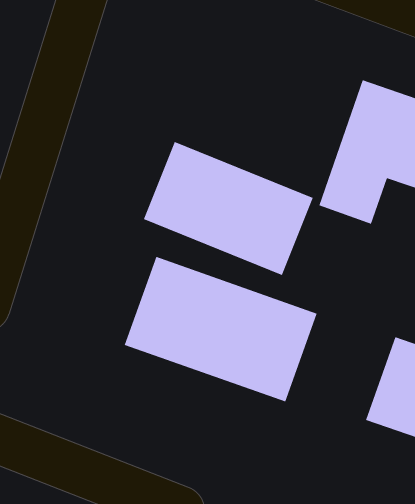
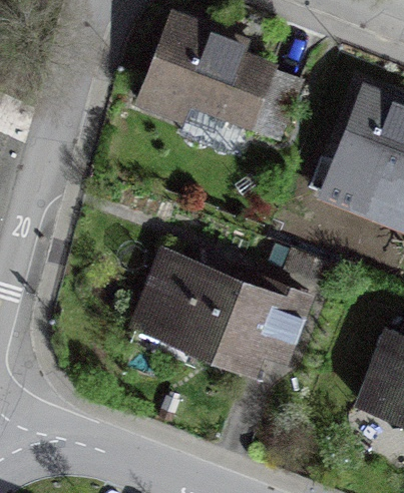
building: none -> [142,15,286,139]
building: [143,141,314,276] -> none

